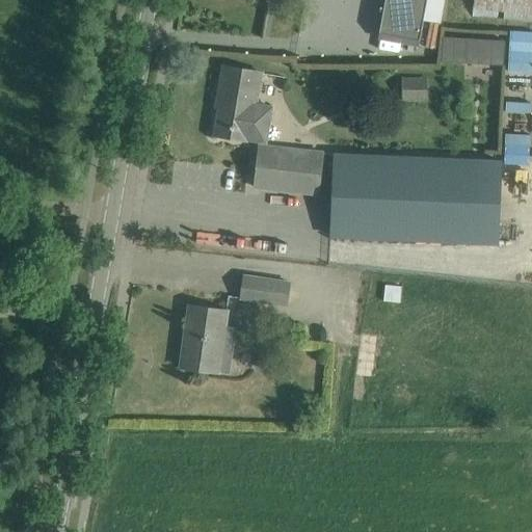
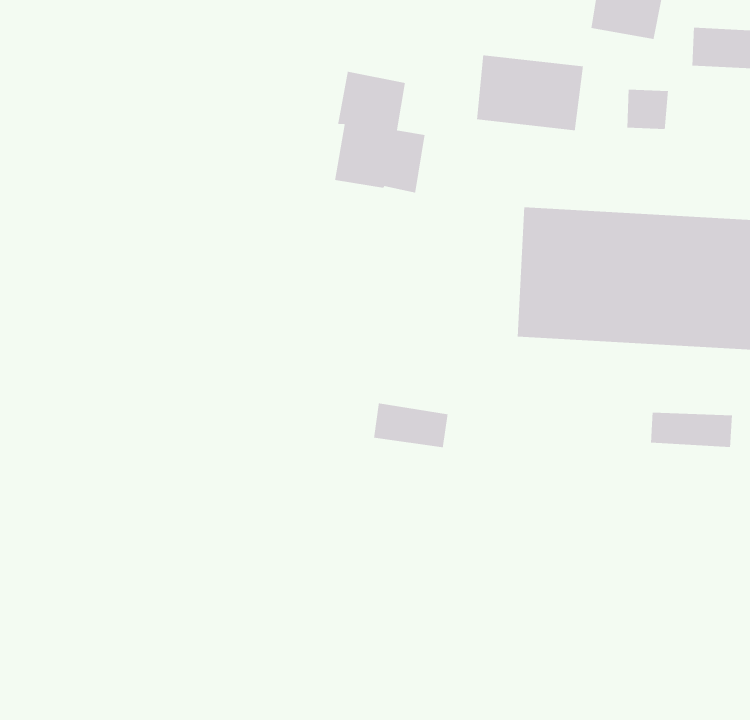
building: [254,145,322,194] -> [476,54,584,131]
building: none -> [650,412,733,448]
building: [180,305,233,373] -> none

